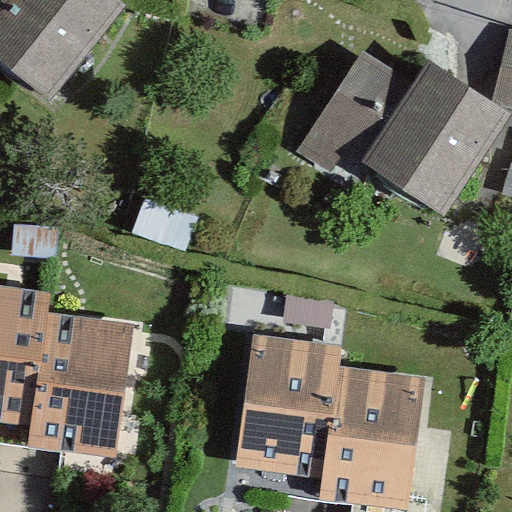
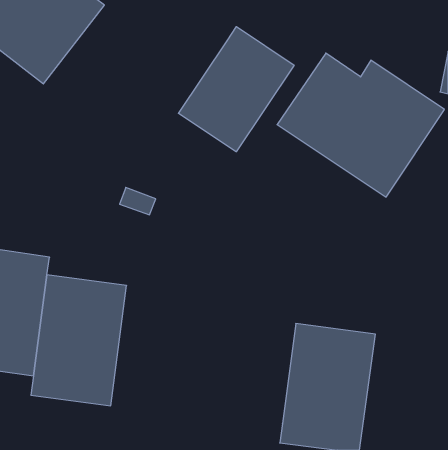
building: none -> [178,27,294,152]
building: [229,333,337,479] -> none

